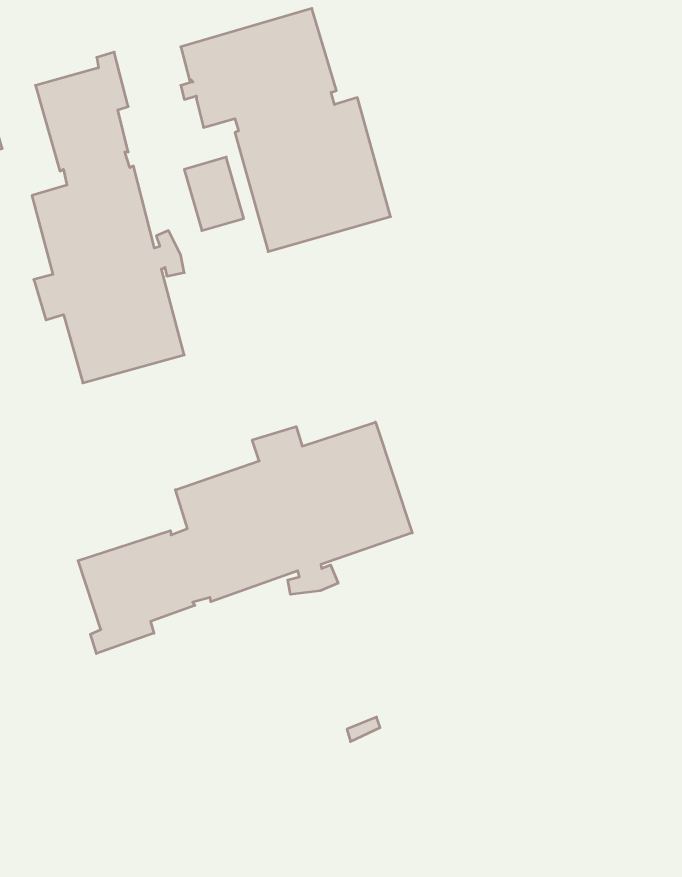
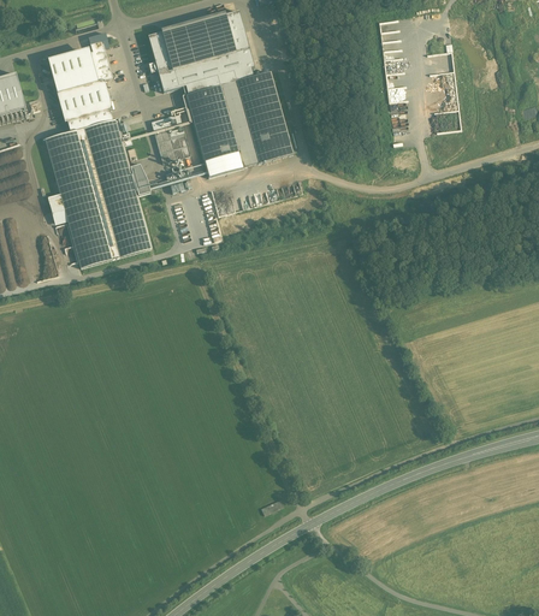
building: [78,422,412,654] -> none

